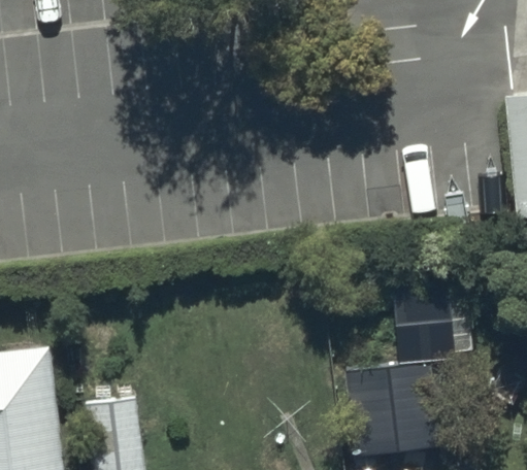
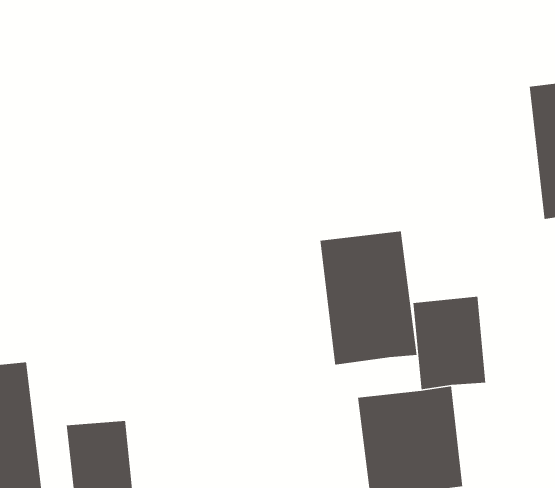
building: none -> [319,230,417,366]

